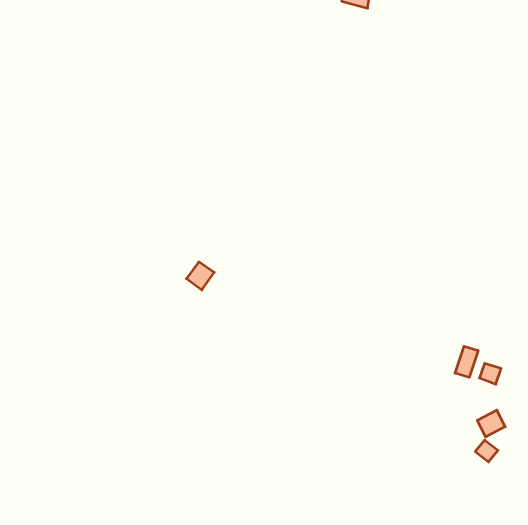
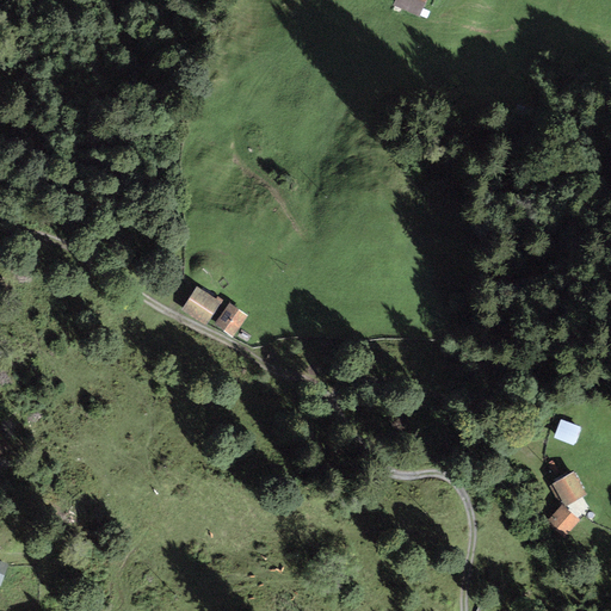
building: none -> [184,285,220,320]
building: [455,346,478,377] -> none

